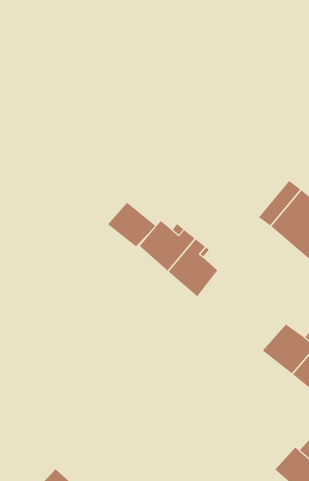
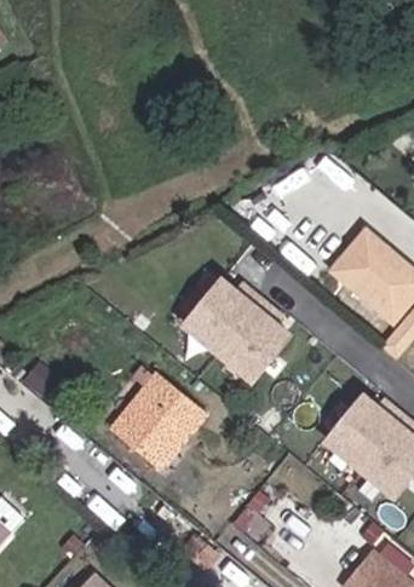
building: [107,202,156,247] -> none
building: none -> [115,380,206,467]

